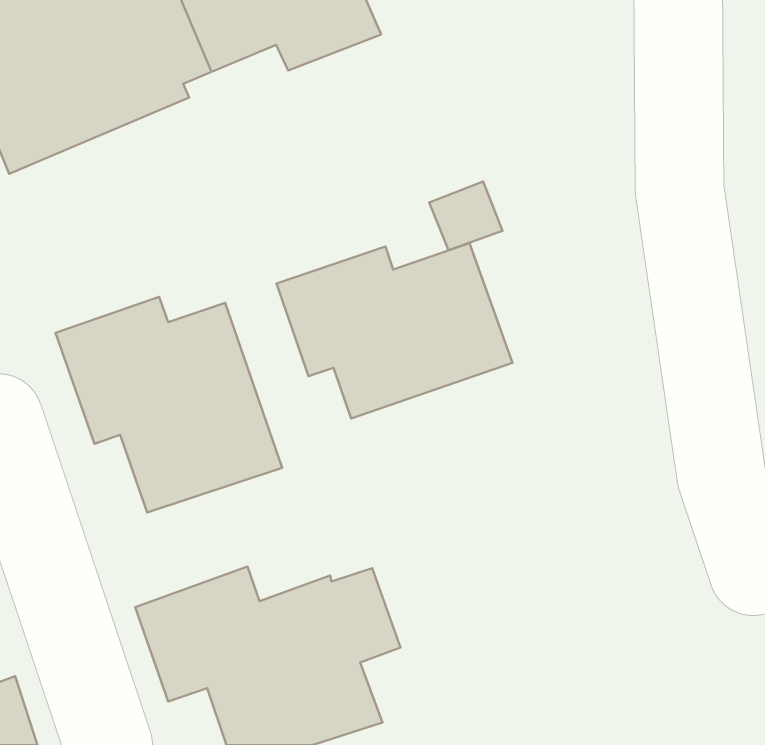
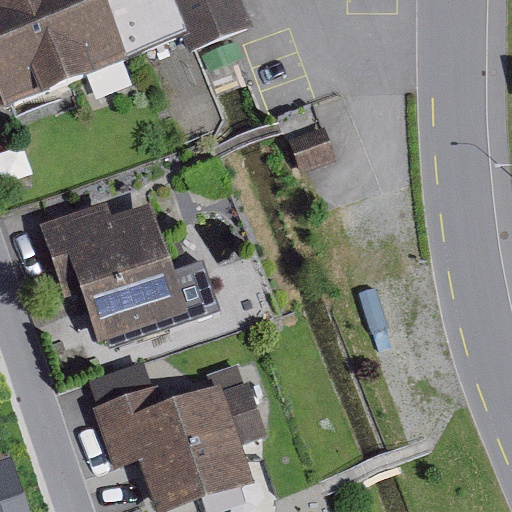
building: [277,243,513,419] -> none

